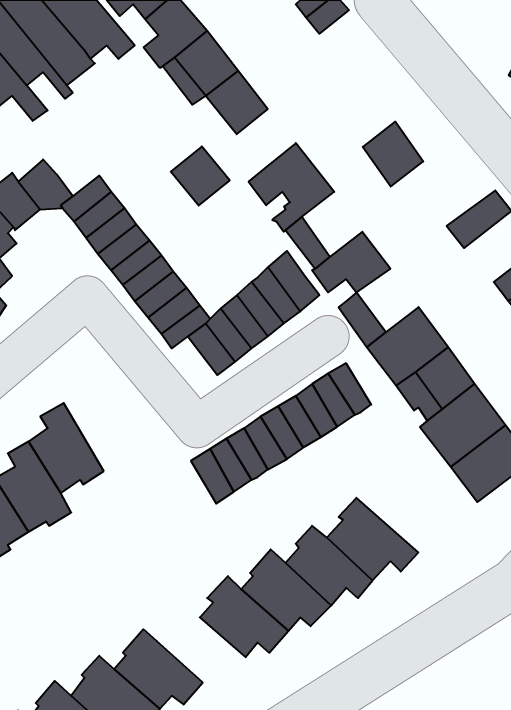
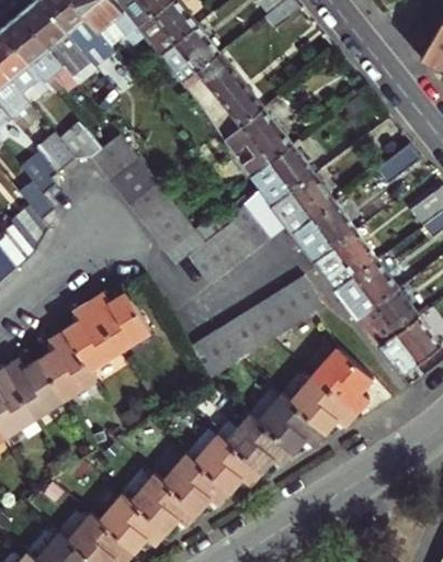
building: [363,122,423,187] -> [269,146,314,194]
building: [171,146,230,206] -> [220,85,264,128]
building: none -> [309,203,355,250]
building: none -> [92,294,149,353]
building: none -> [309,348,375,414]
building: none -> [161,451,227,510]

